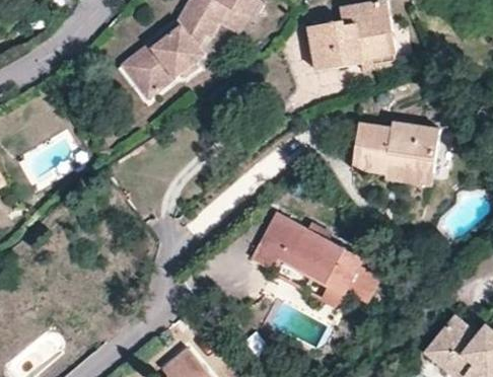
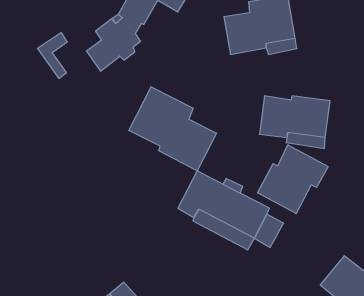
building: [122,44,158,99] -> [37,33,67,78]
building: none -> [129,87,217,171]
building: none -> [257,145,328,214]

